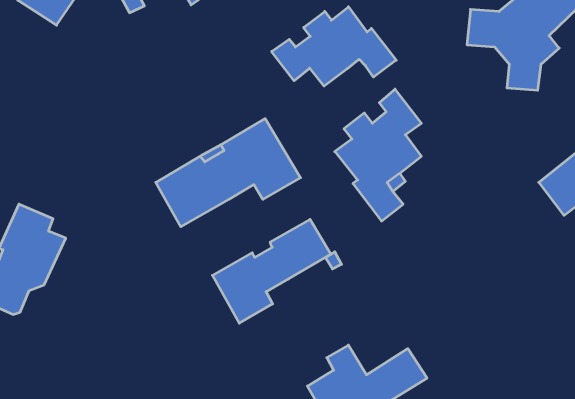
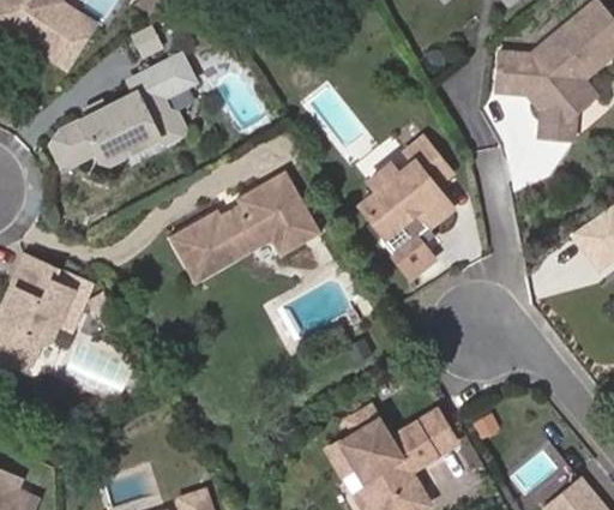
building: [272,7,396,86] -> none
building: none -> [54,52,194,161]
building: [212,219,331,323] -> none

